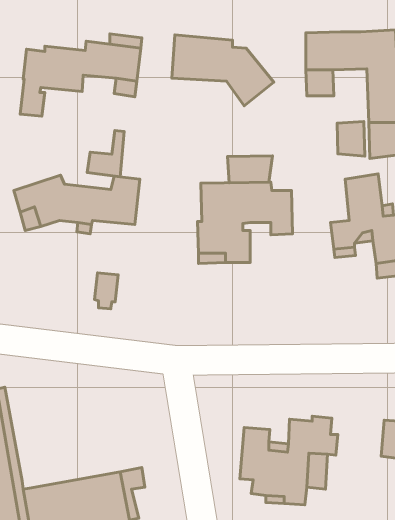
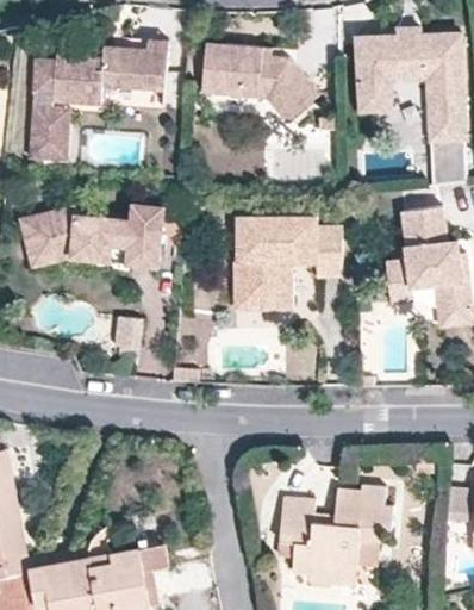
building: [337,121,365,156] -> none
building: [87,130,124,177] -> [23,108,66,162]
building: [228,156,273,183] -> none

